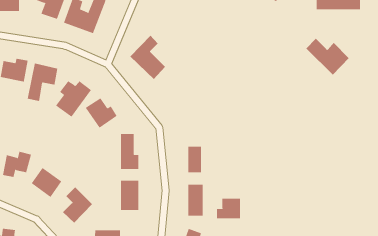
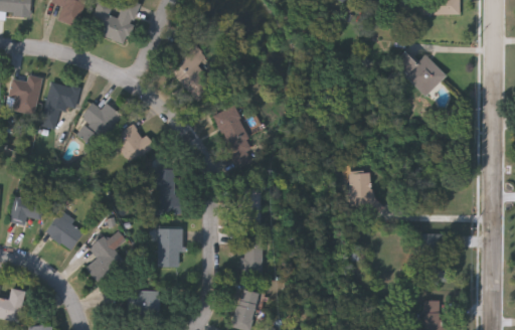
building: none -> [214,105,253,158]
building: none -> [349,172,370,204]
building: [217,198,241,219] -> none

